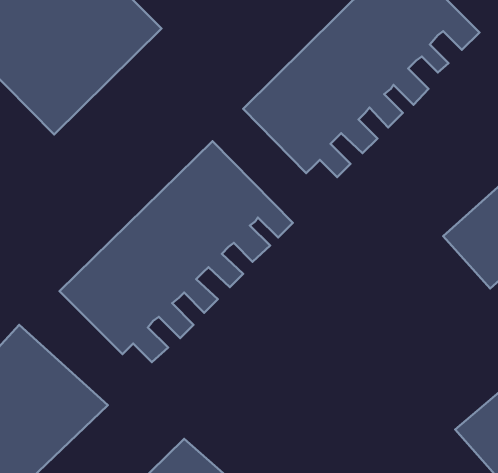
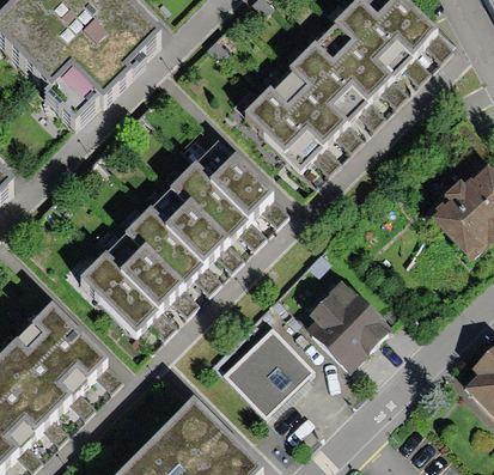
building: none -> [303,285,392,373]
building: none -> [220,323,316,416]

